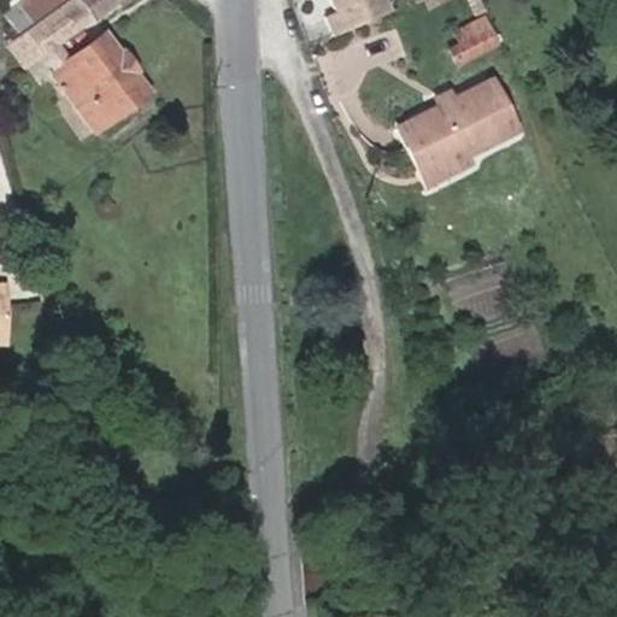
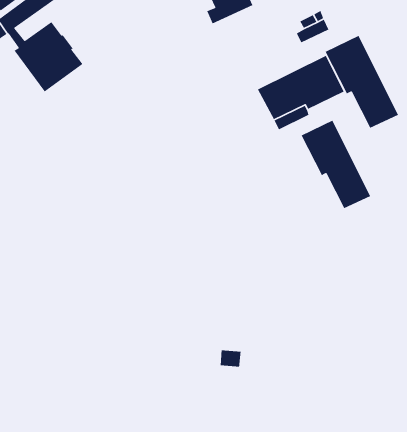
building: none -> [324,35,399,129]
building: none -> [300,120,371,209]

